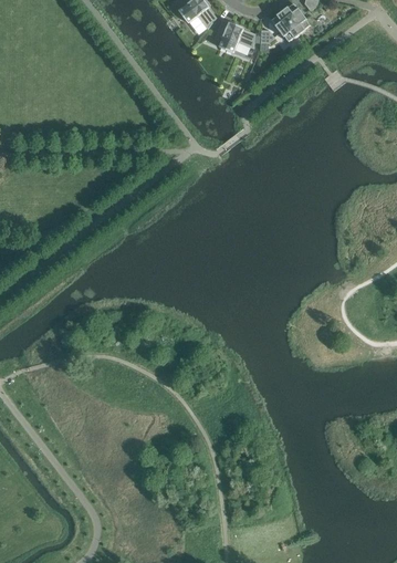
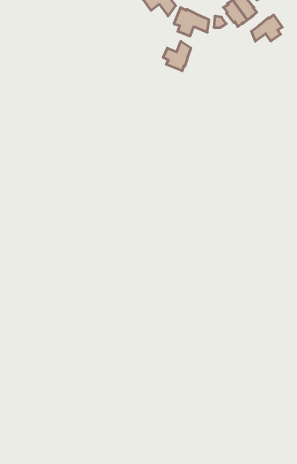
building: none -> [251,15,282,41]
building: none -> [163,41,191,71]

